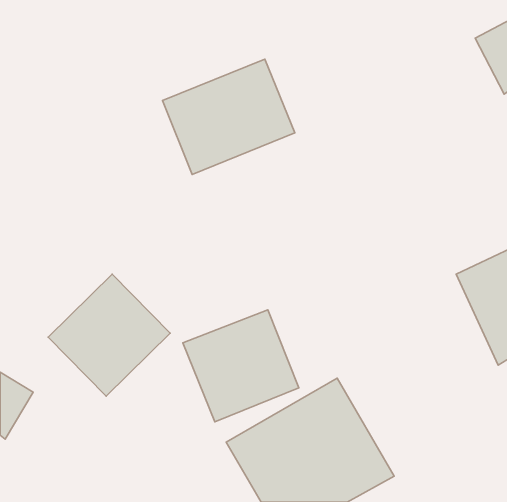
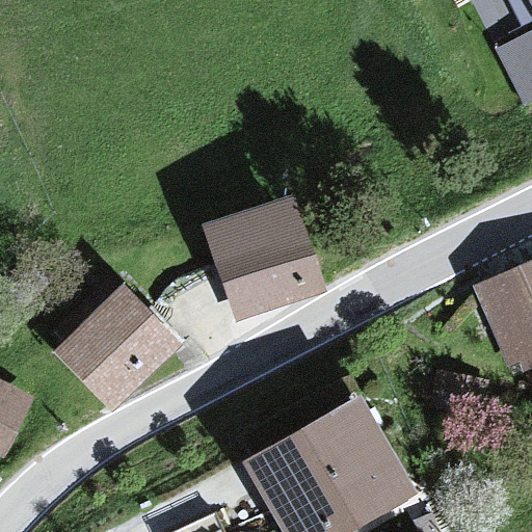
building: [162,59,295,174] -> none
building: [183,310,299,422] -> [207,209,327,325]

